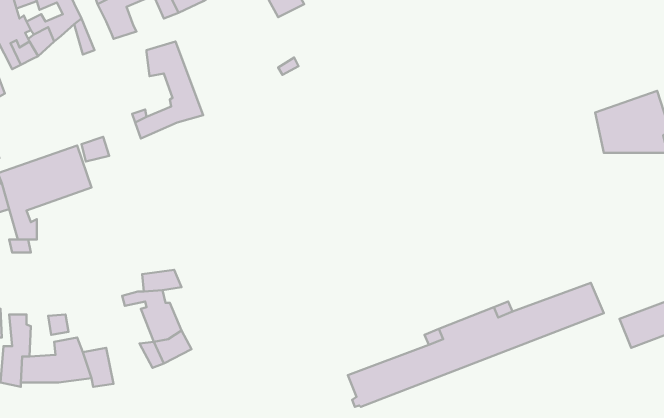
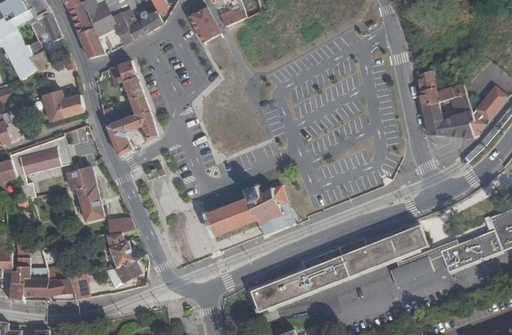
building: none -> [415,69,464,109]
building: none -> [42,91,84,122]
building: none -> [107,111,157,157]
building: none -> [67,167,103,220]
building: none -> [203,182,285,237]
building: none -> [389,254,433,281]

